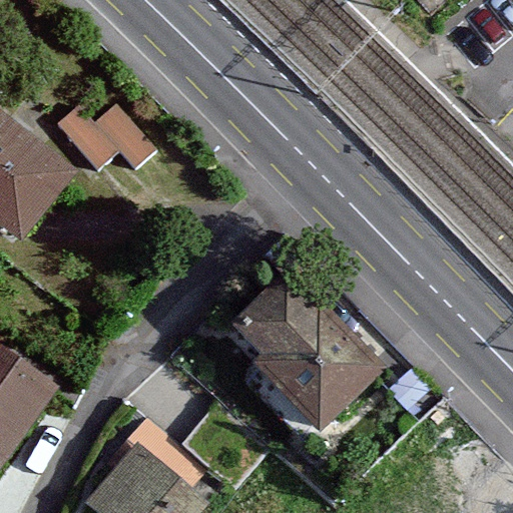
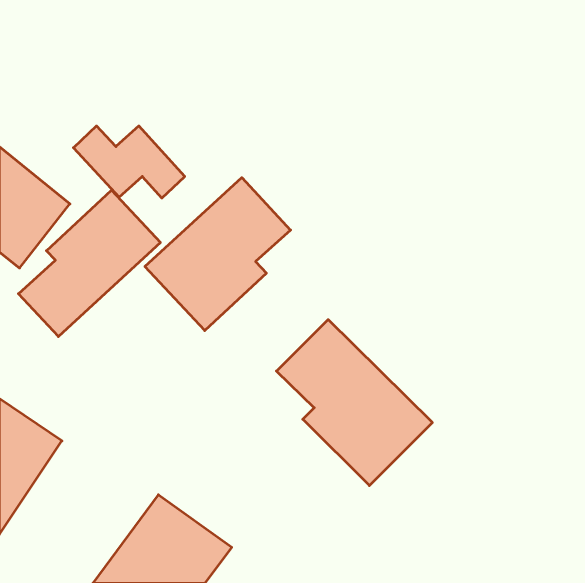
building: none -> [145,178,291,331]
building: none -> [18,190,160,337]

